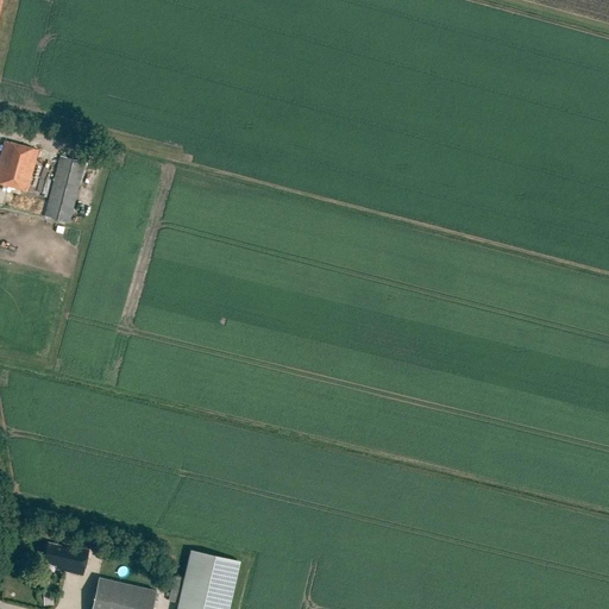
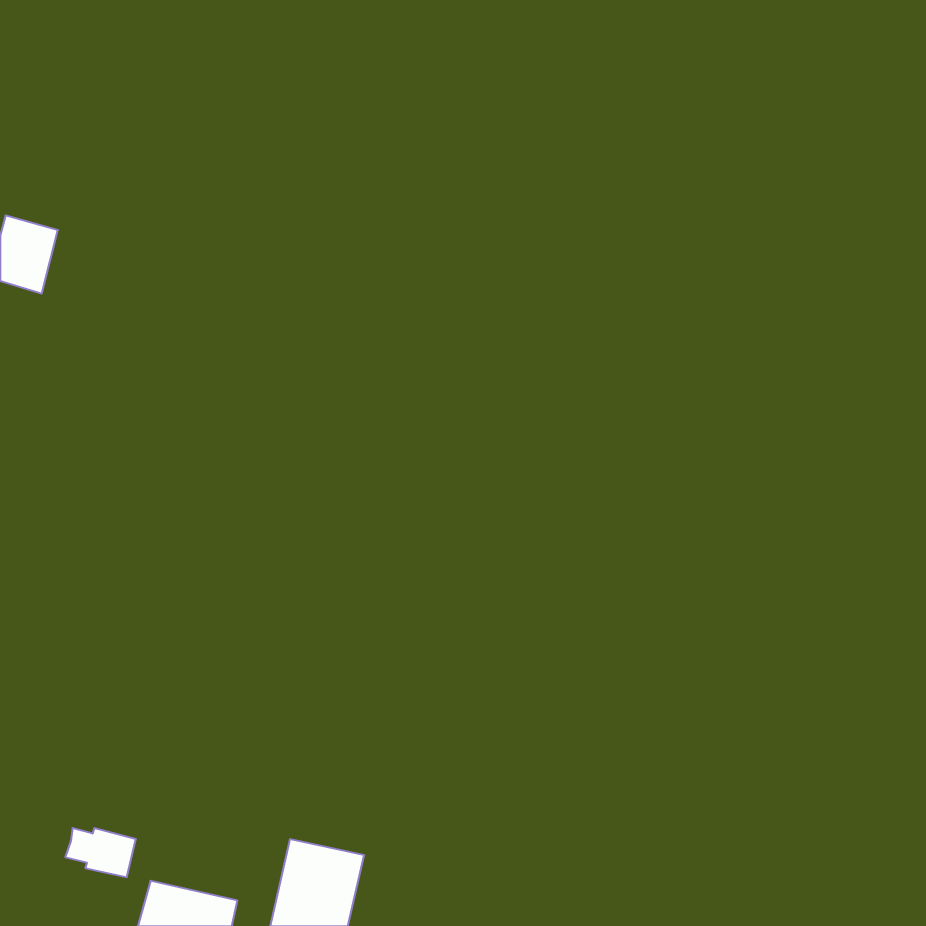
building: [44,157,86,224] -> none

